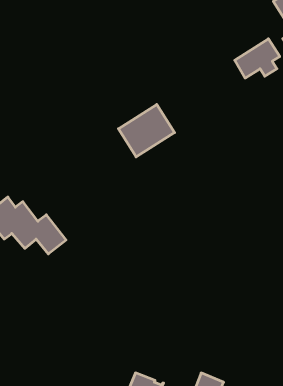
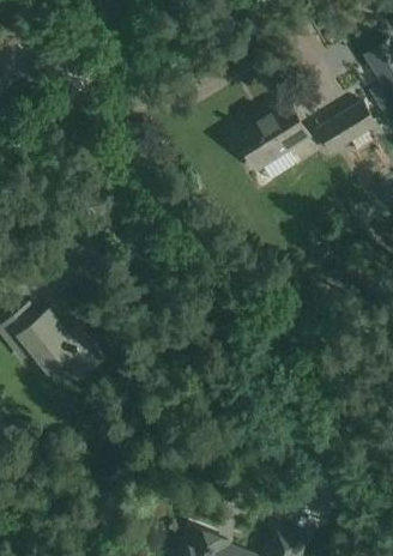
building: [118,104,175,157] -> [236,103,308,170]

